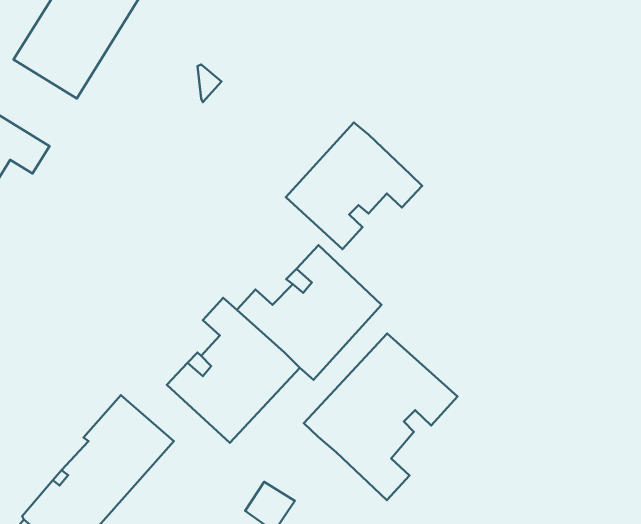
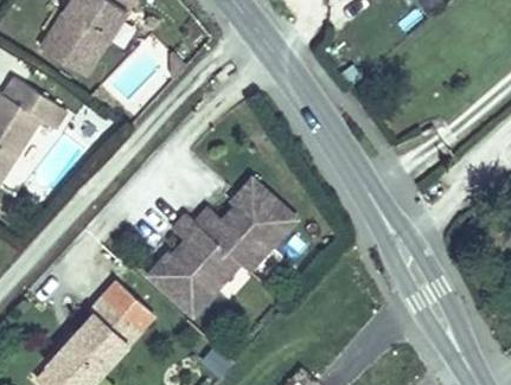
building: [286,122,422,249] -> none
building: [304,334,458,500] -> none

